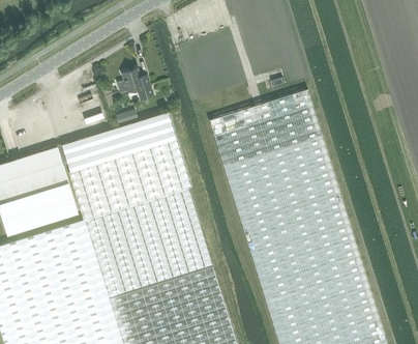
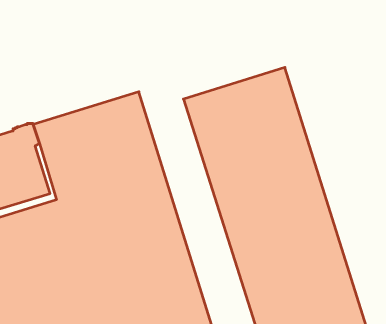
building: [116,68,153,98] -> none

